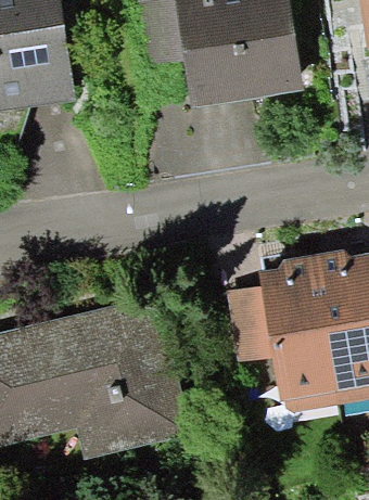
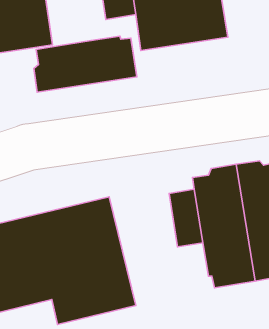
building: none -> [34,36,137,92]

